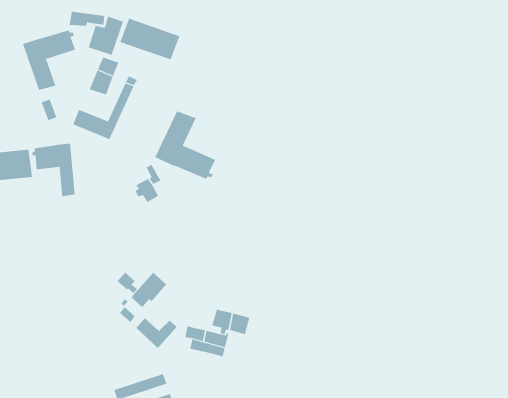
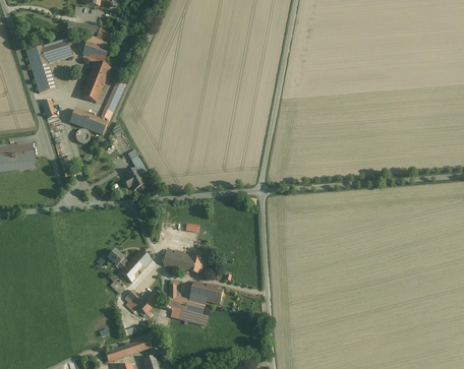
building: [120,18,180,60] -> none
building: [155,110,216,180] -> none
building: [32,143,75,197] -> none
building: none -> [167,250,207,274]

